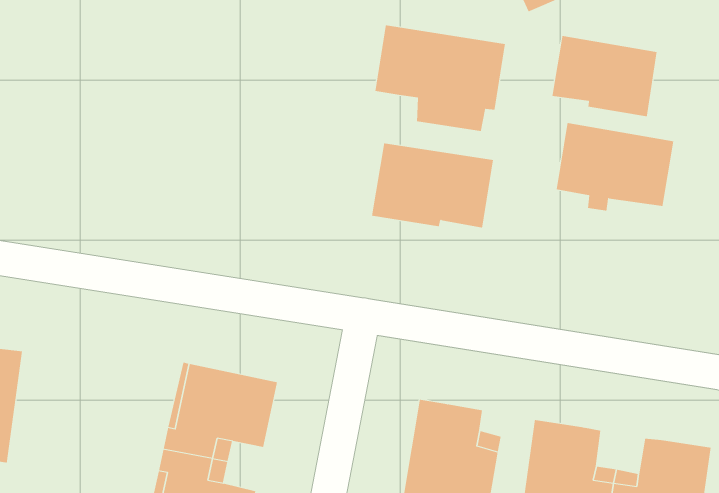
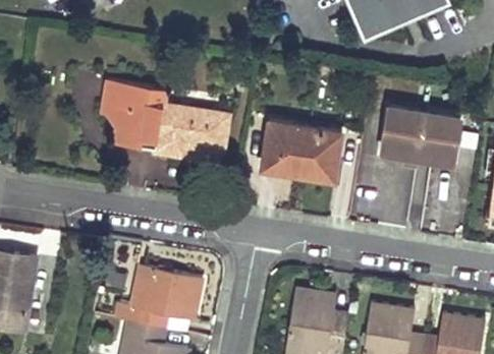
building: [375,25,505,132] -> none
building: [552,35,657,117] -> none
building: none -> [103,79,229,156]

